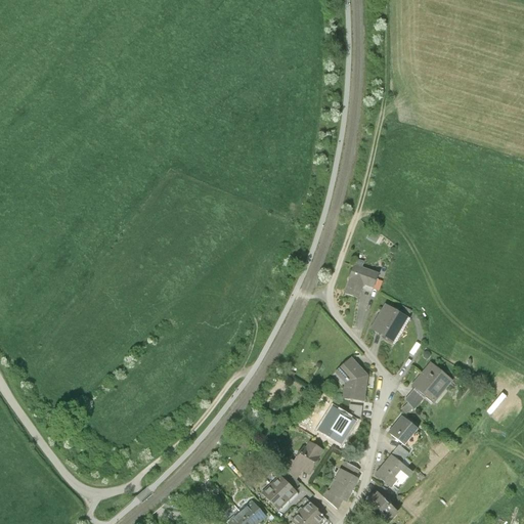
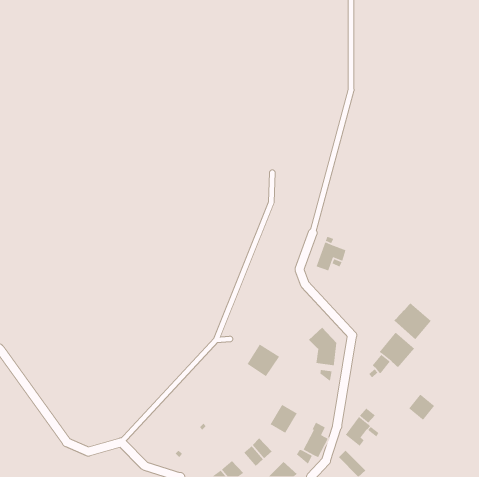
building: [372,303,407,340] -> none
building: none -> [393,302,432,340]
building: [319,406,356,443] -> [246,343,280,377]
building: [389,414,419,444] -> [408,394,435,421]

